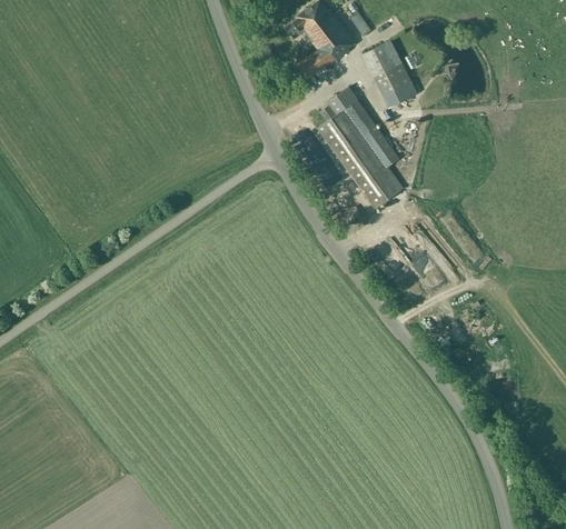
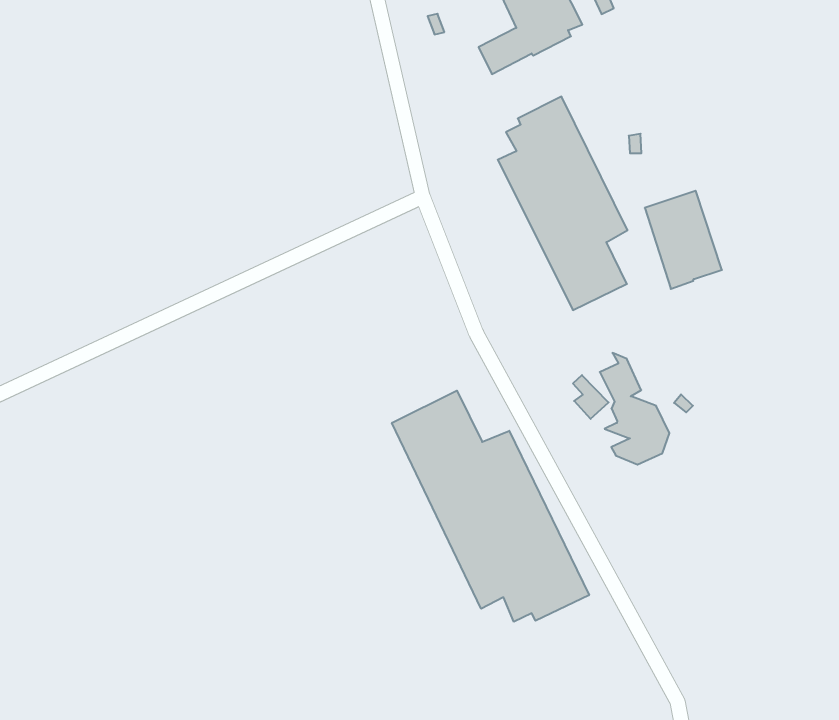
building: [363,41,413,100] -> [645,191,722,289]
building: none -> [392,391,589,622]

